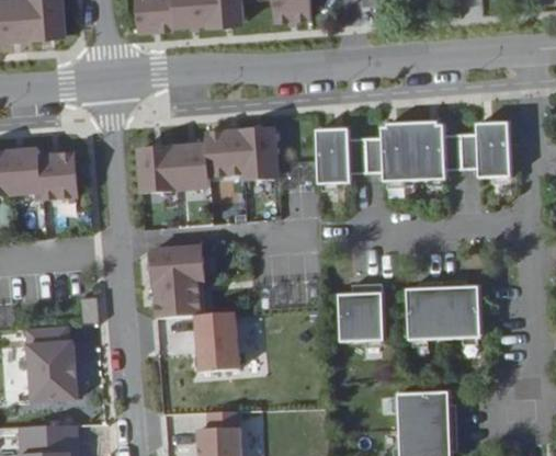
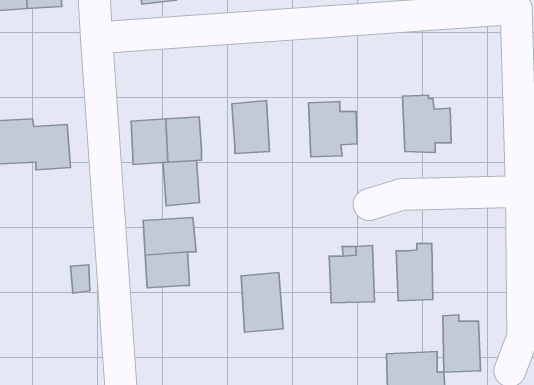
building: [365,126,415,183] -> none
building: [461,126,512,182] -> none
building: [205,134,242,180] -> [163,160,200,206]
building: [442,274,480,332] -> [443,315,481,372]
building: [192,315,235,375] -> [241,273,283,332]
building: [22,326,71,401] -> none

